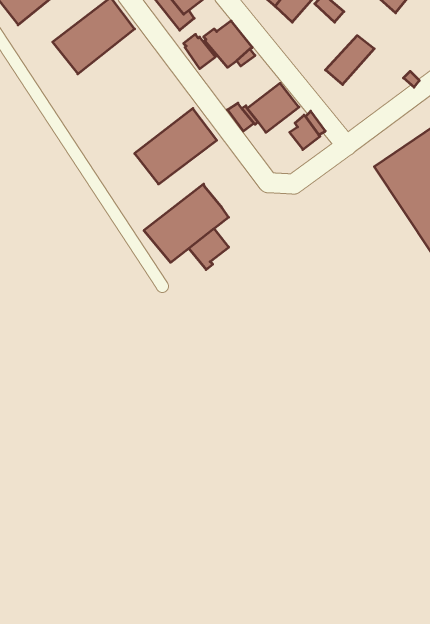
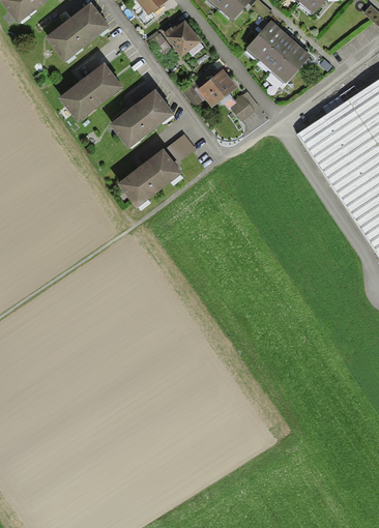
building: none -> [246,20,284,58]
building: none -> [272,41,312,83]
building: none -> [59,61,123,121]
building: [189,229,229,270] -> [165,134,196,166]

